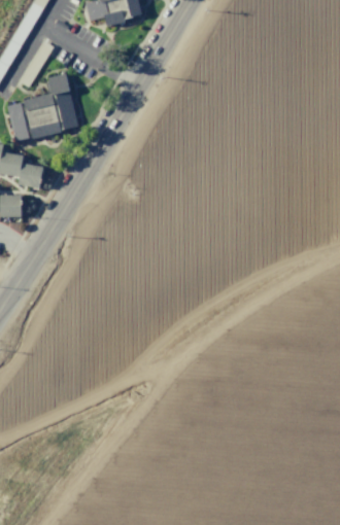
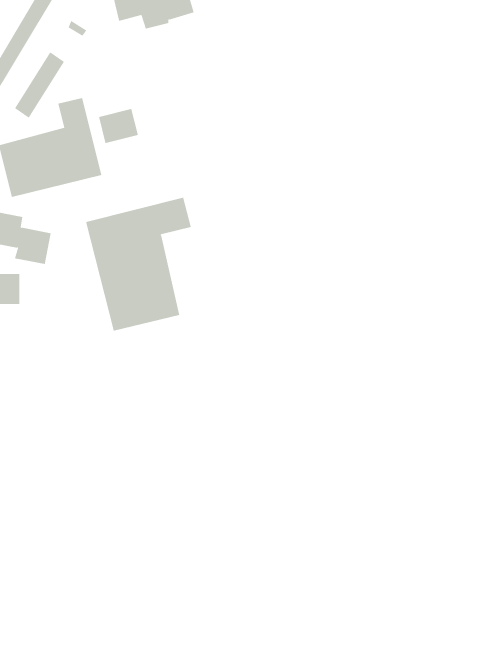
building: none -> [98,108,138,144]
building: none -> [85,197,192,331]

